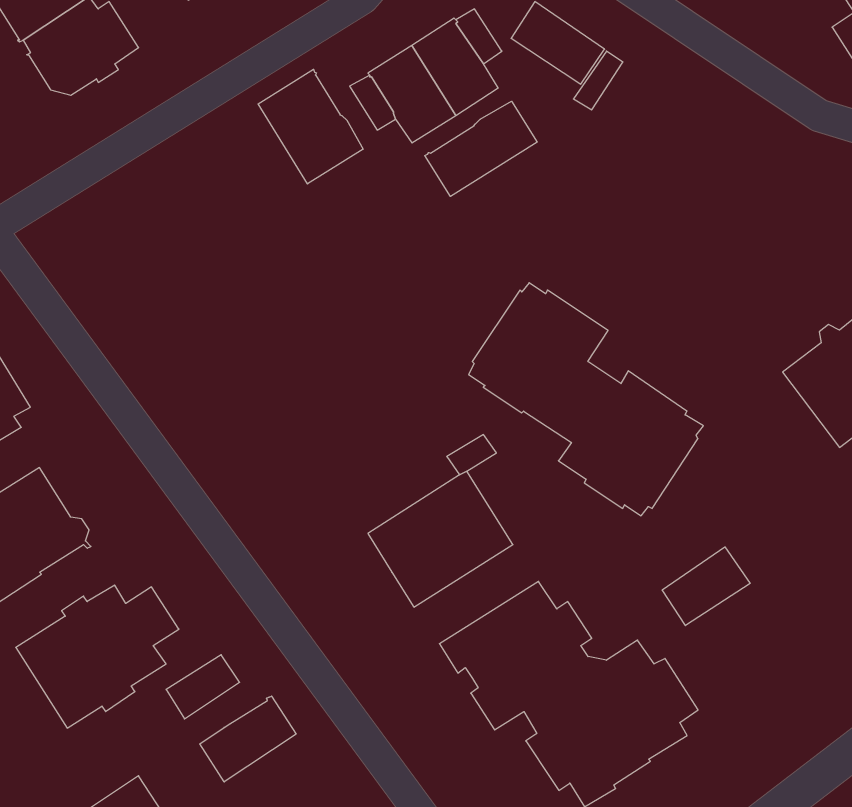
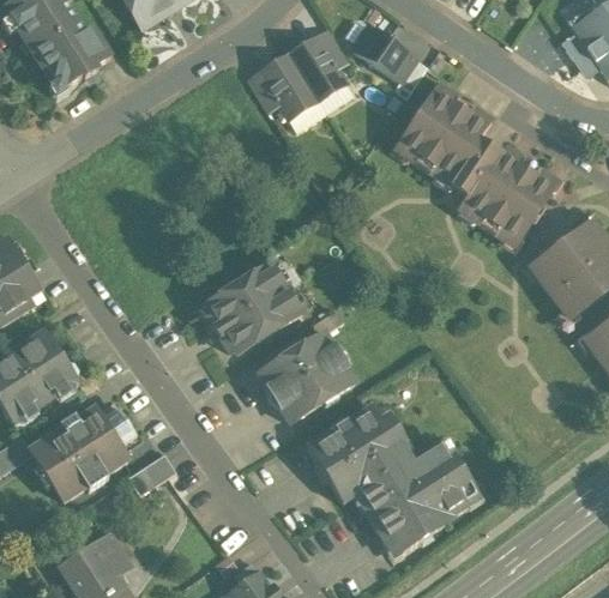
building: [258,69,363,184] -> none
building: [425,101,537,196] -> none
building: [469,283,703,516] -> [399,89,553,241]
building: none -> [204,262,301,352]
building: [662,547,750,626] -> none
building: [200,696,296,782] -> none

